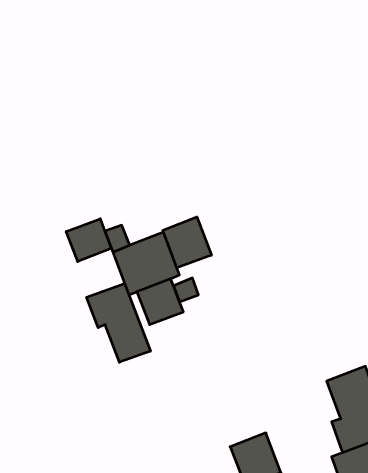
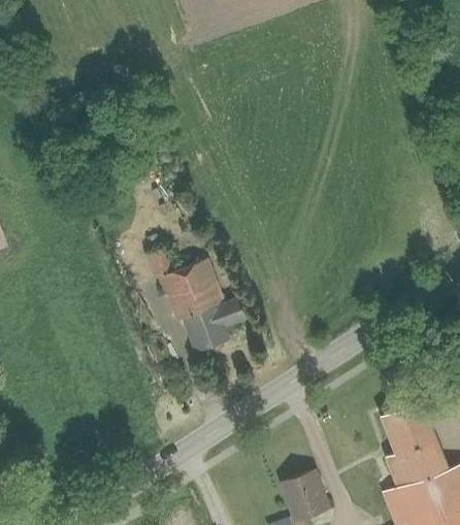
building: [163,217,211,268] -> none
building: [66,219,111,262] -> none
building: [87,283,150,362] -> none

